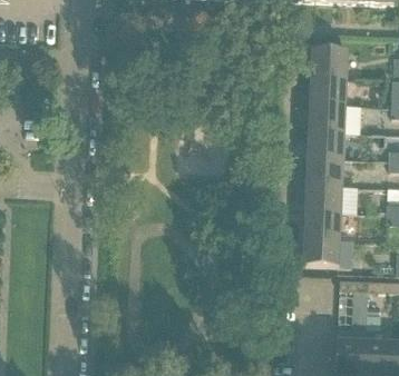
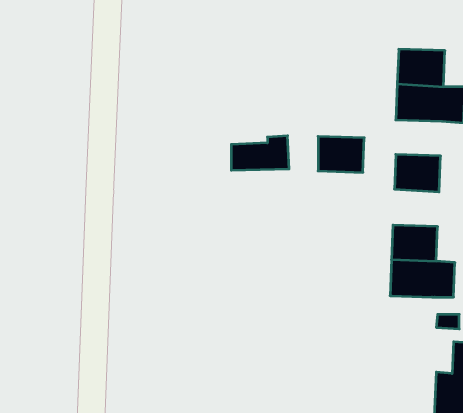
building: [310,48,347,76] -> none
building: [308,129,343,157] -> [318,136,364,172]
building: [305,182,341,211] -> none

